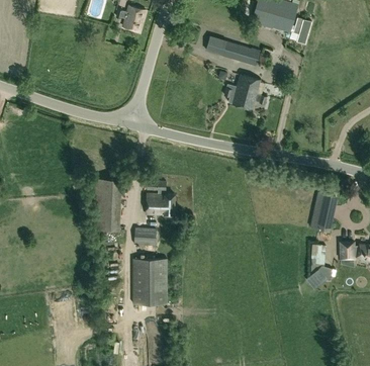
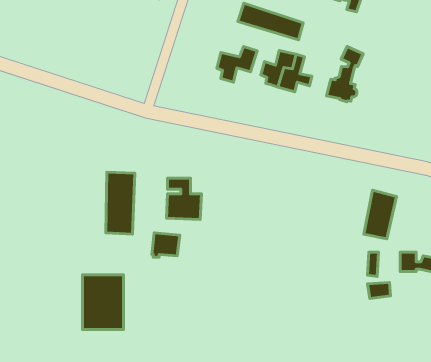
building: none -> [326,47,363,102]
building: none -> [217,47,257,82]
building: [132,259,167,304] -> [82,275,124,329]

